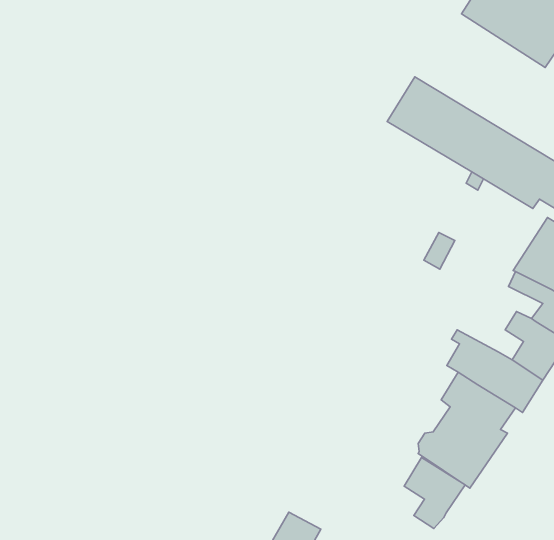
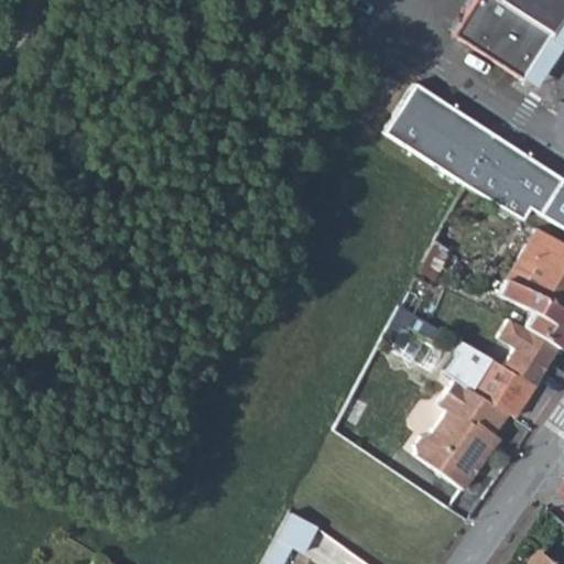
building: [404,458,465,529] -> none

